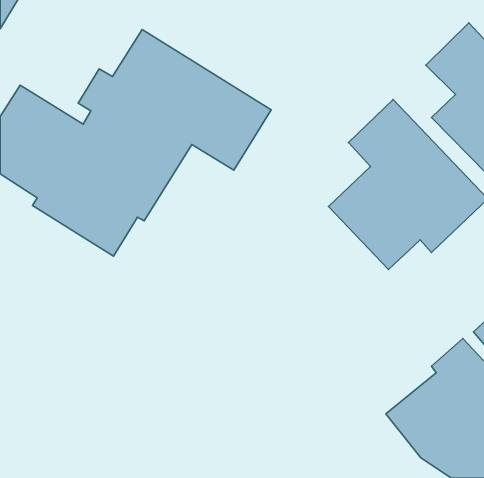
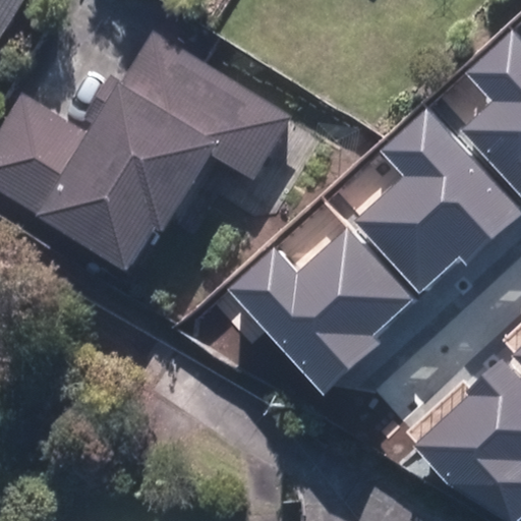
building: none -> [228,230,406,396]

